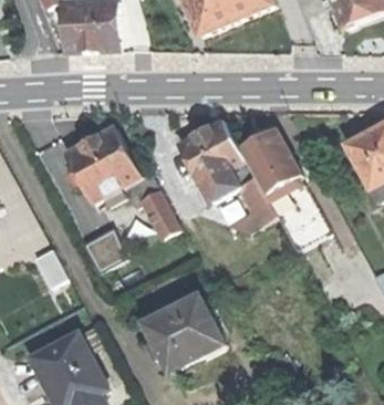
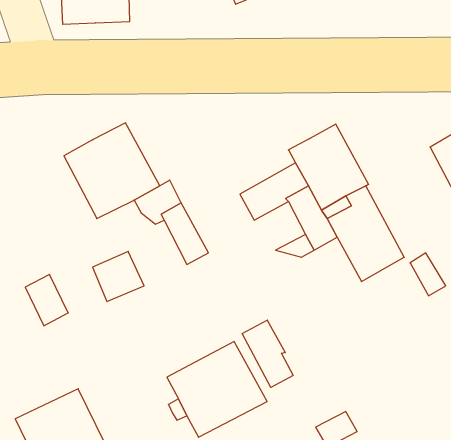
building: [180,117,245,180] -> none
building: none -> [242,320,293,387]

